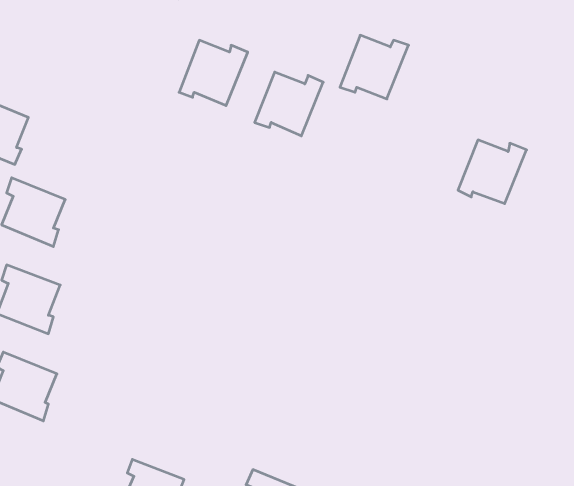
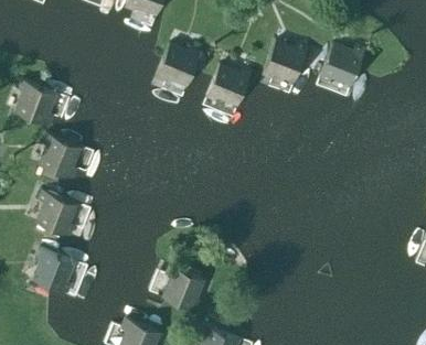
building: [458,140,527,204] -> [319,44,364,86]
building: none -> [161,267,203,312]

